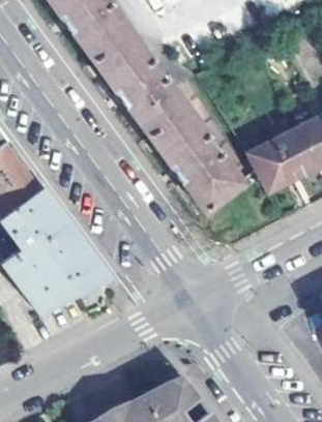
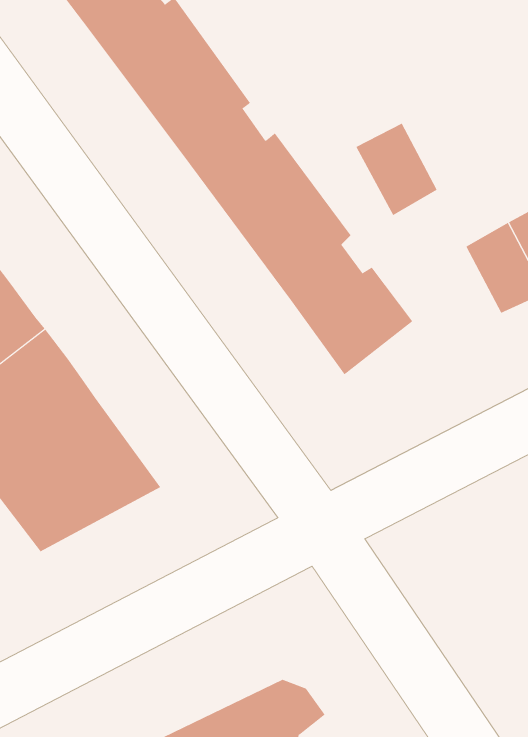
building: [247,142,293,193] -> [355,123,438,216]

